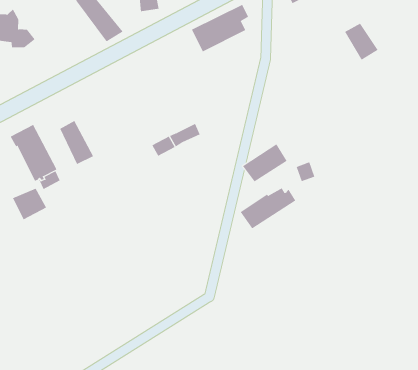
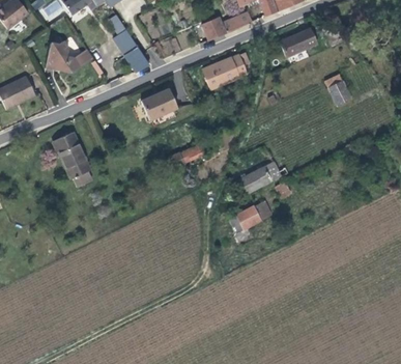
building: none -> [141,89,177,120]
building: [60,120,94,165] -> none
building: [12,188,47,220] -> none

